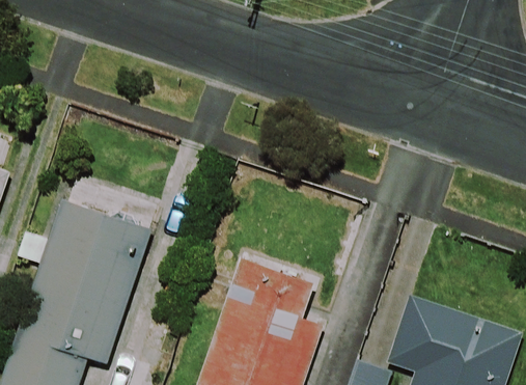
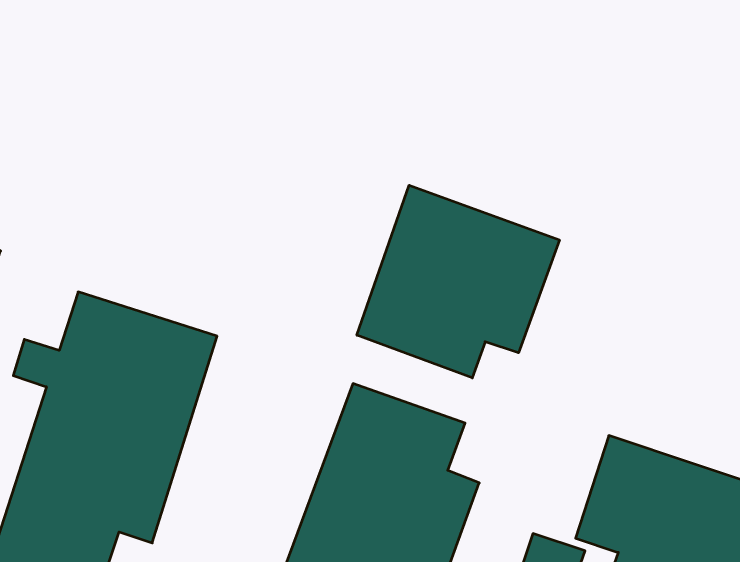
building: none -> [357,185,559,378]

